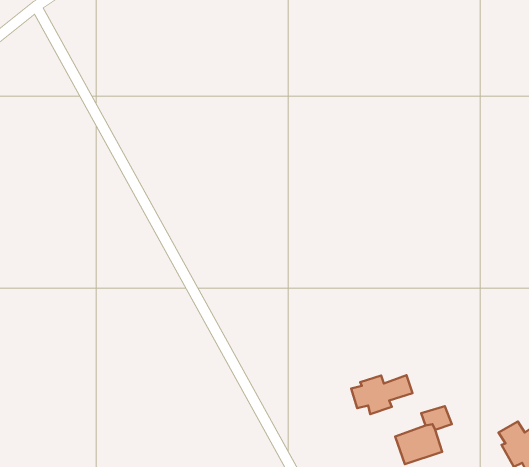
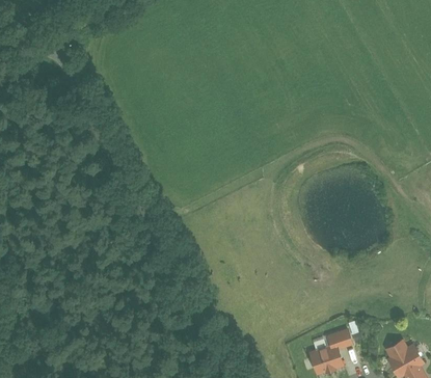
building: [351,375,412,414] -> none

